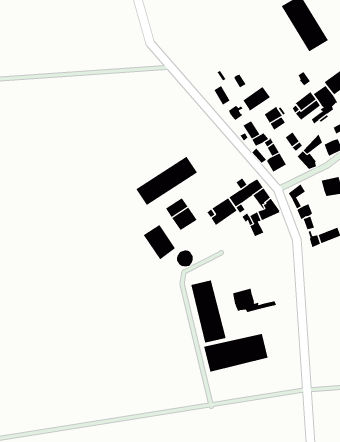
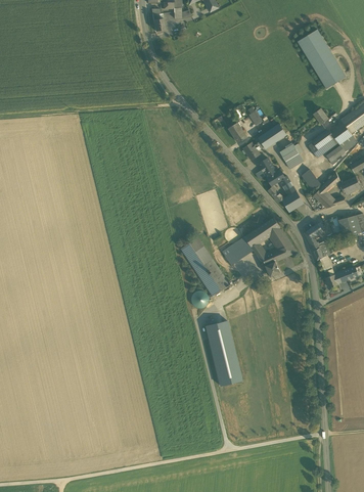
building: [136,156,198,206] -> none
building: [143,224,176,260] -> [195,260,229,297]
building: [232,288,277,313] -> none
building: [203,333,268,372] -> none

